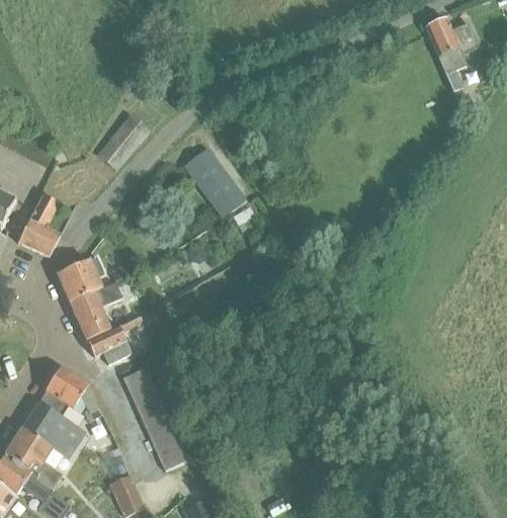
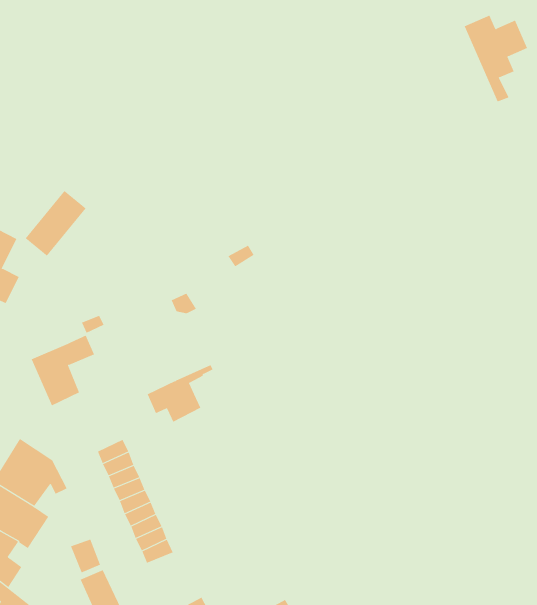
building: [97,114,148,169] -> [25,190,86,257]
building: [183,148,246,217] -> none
building: [57,257,103,301] -> none
building: [86,316,141,363] -> [147,365,213,422]

